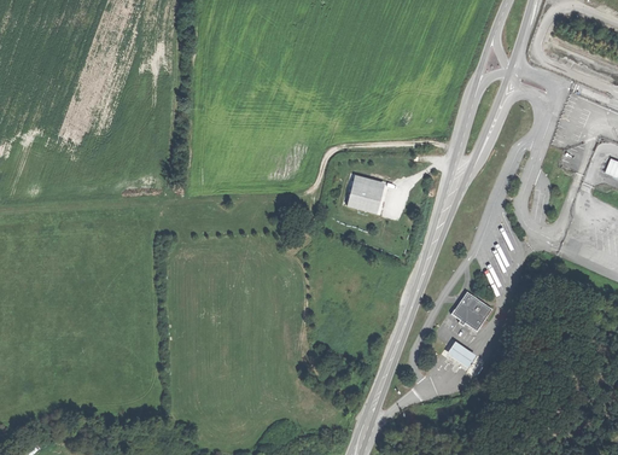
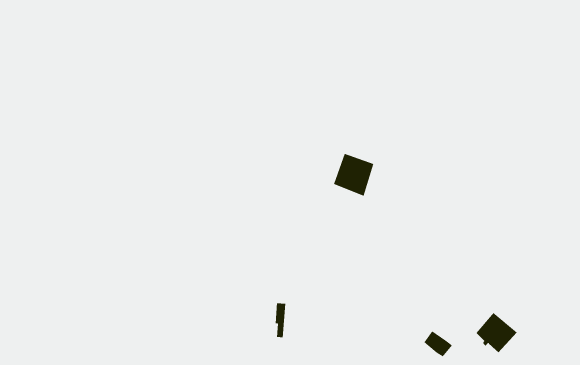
building: [453,292,494,332] -> [476,312,517,353]

